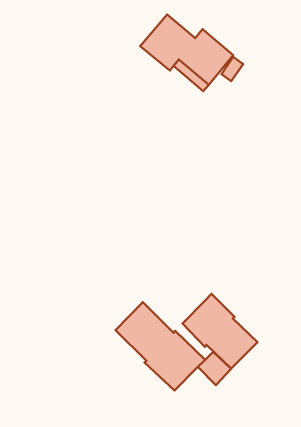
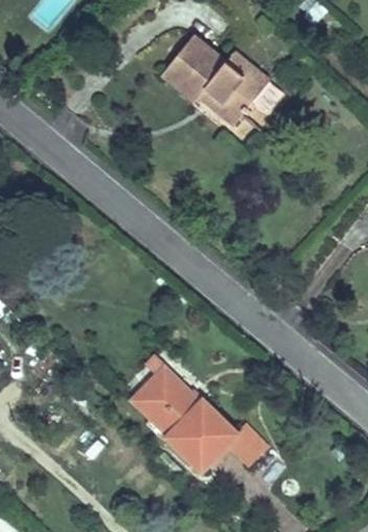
building: [182,294,258,369] -> none

